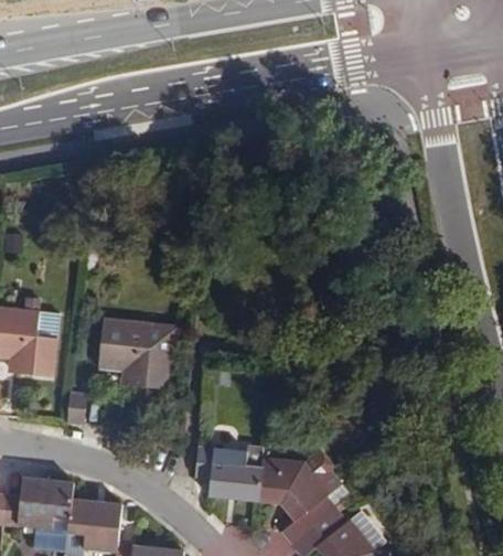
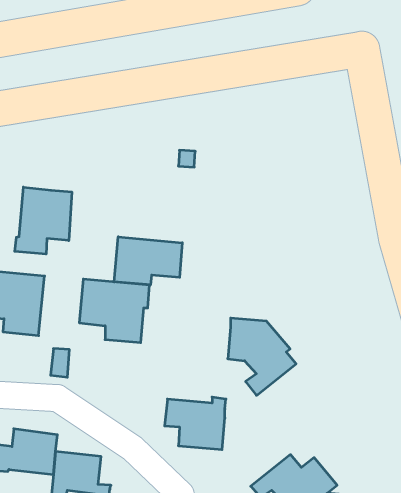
building: none -> [15,187,72,254]
building: none -> [114,237,182,285]
building: [257,458,333,544] -> [228,318,296,395]

